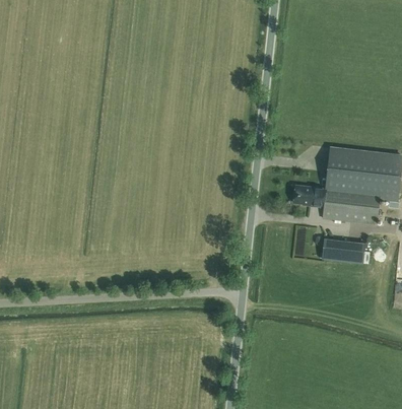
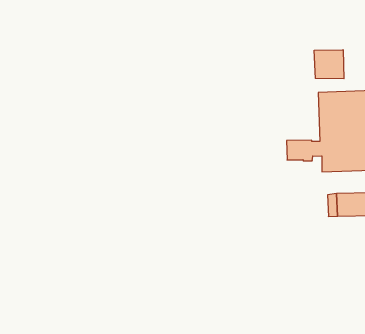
building: none -> [314,50,344,79]

